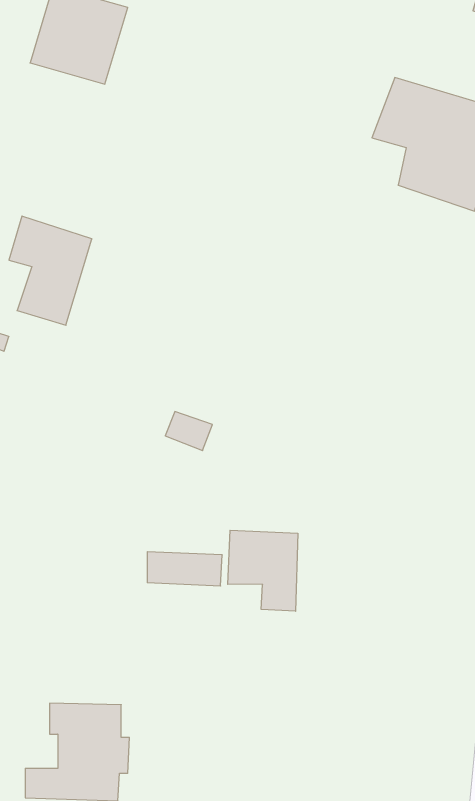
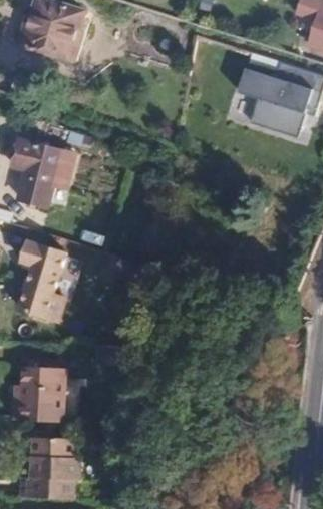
building: none -> [28,243,73,317]
building: [228,530,298,611] -> none
building: none -> [14,368,63,424]

